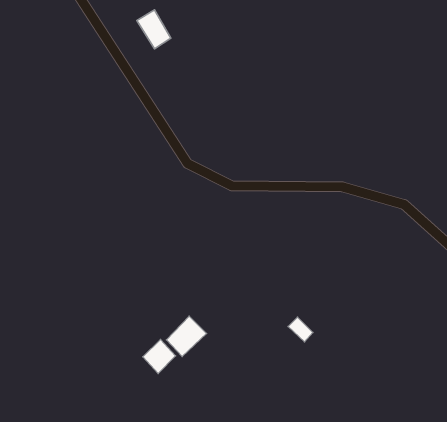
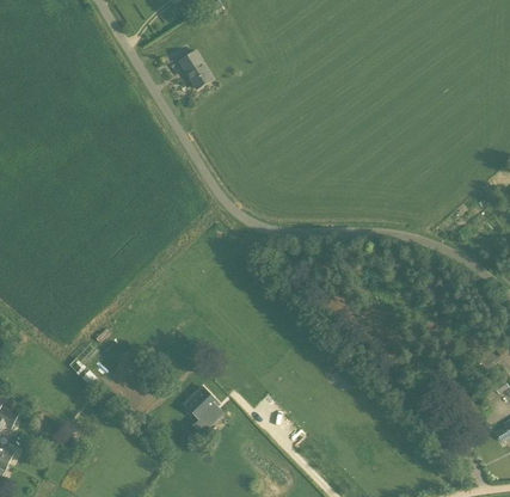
building: [166,316,206,357] -> none

